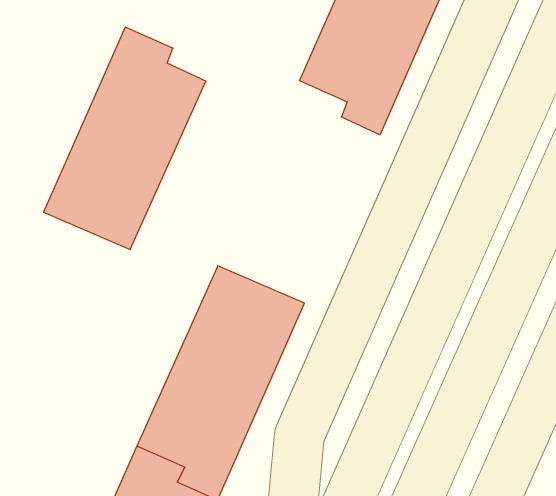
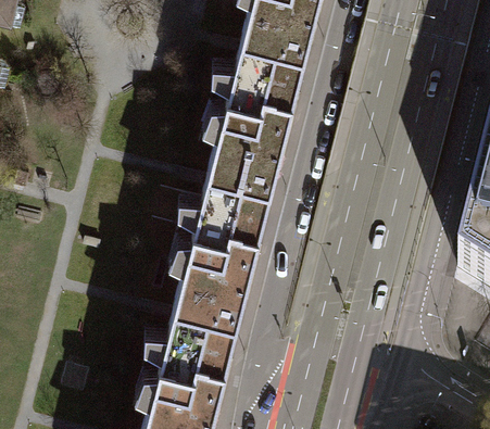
building: [44,27,206,250] -> [193,97,288,247]

